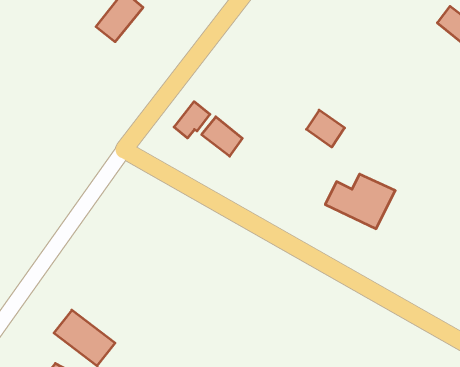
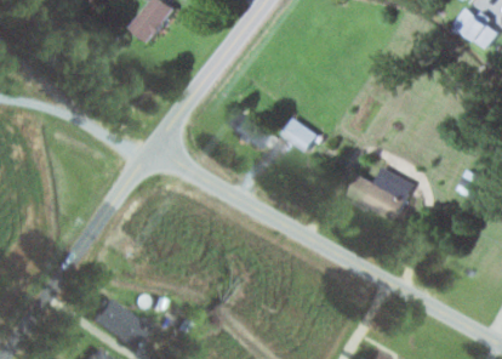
building: [174,102,210,138] -> none
building: [306,110,345,147] -> [280,116,316,152]

